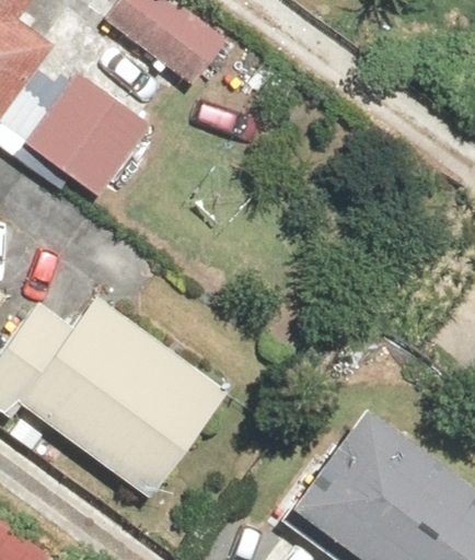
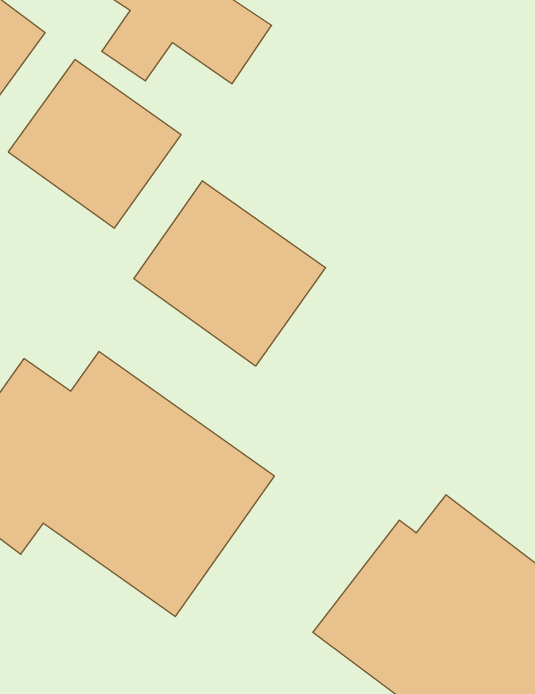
building: none -> [134,181,325,366]

